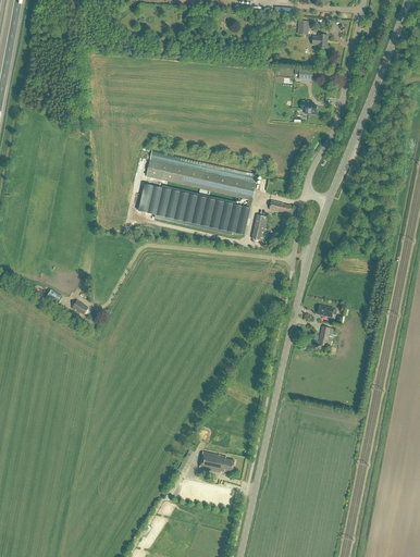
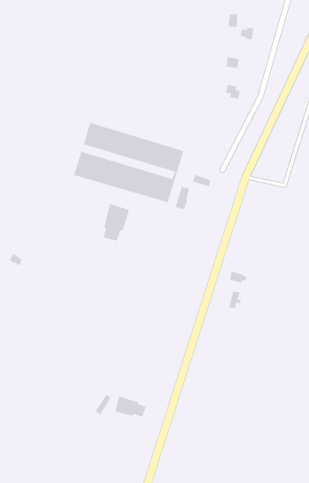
building: none -> [103,203,130,241]

